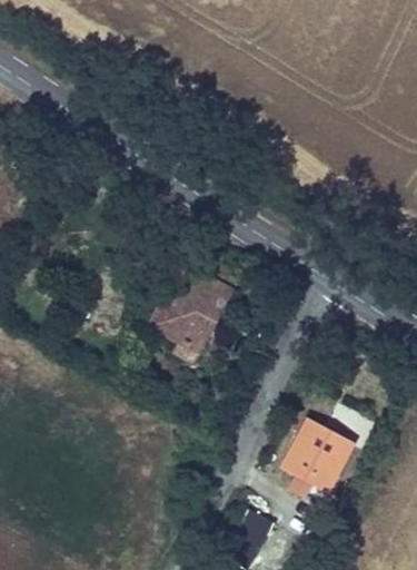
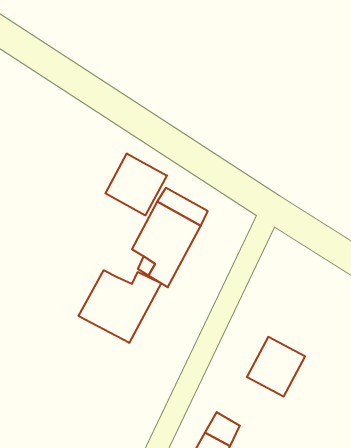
building: none -> [105,153,167,215]
building: none -> [79,270,161,343]

